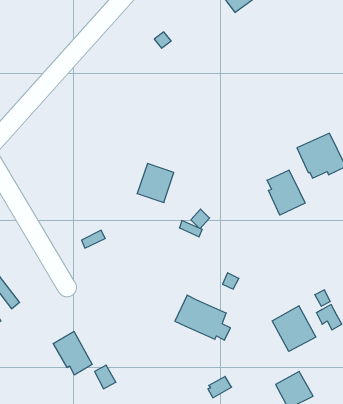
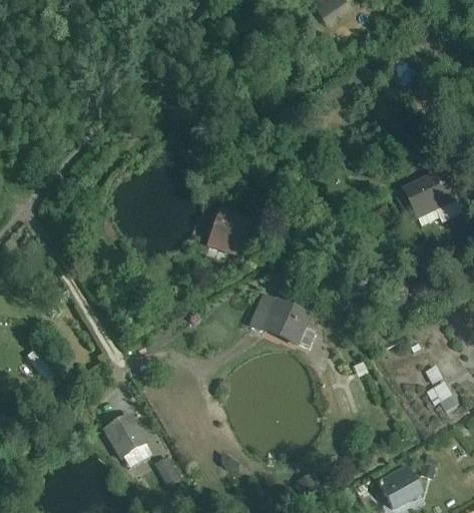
building: [267,170,305,215] -> none
building: [175,295,230,340] -> [248,291,316,346]
building: [272,306,316,351] -> none

